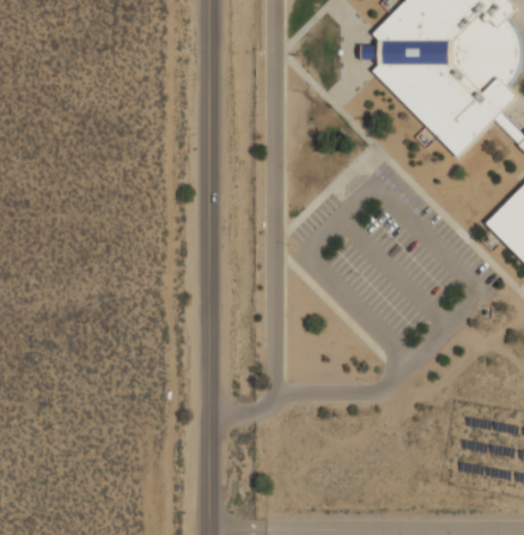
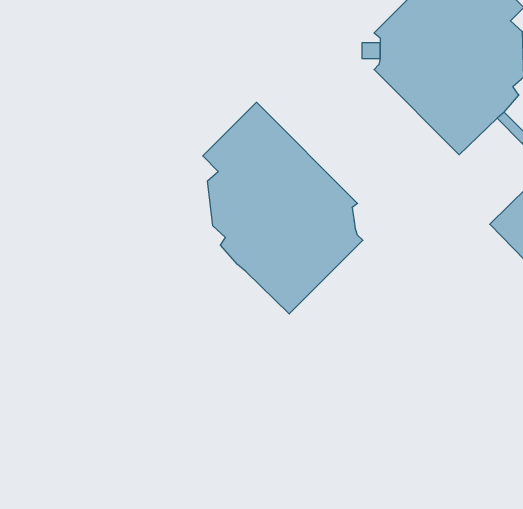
building: none -> [203,102,363,314]

